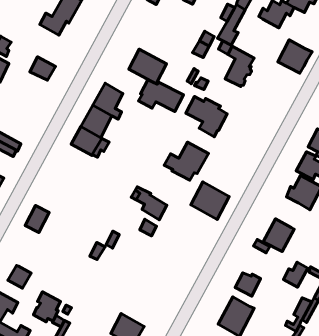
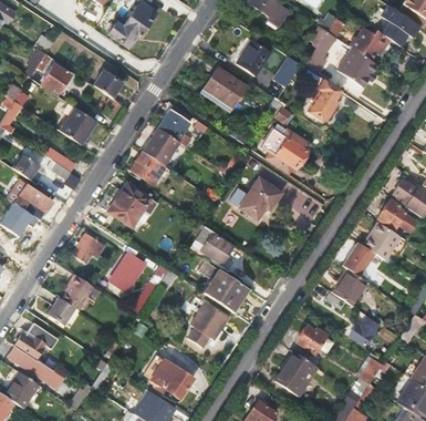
building: none -> [237,40,271,75]
building: [278,40,312,73] -> [341,49,380,86]
building: [138,80,184,112] -> none
building: none -> [61,105,96,143]
building: none -> [105,181,158,232]
building: [191,182,229,220] -> [206,267,249,310]
building: none -> [343,245,376,281]
building: none -> [112,253,147,292]
building: none -> [188,300,229,346]
building: [34,292,60,322] -> [62,274,93,307]

